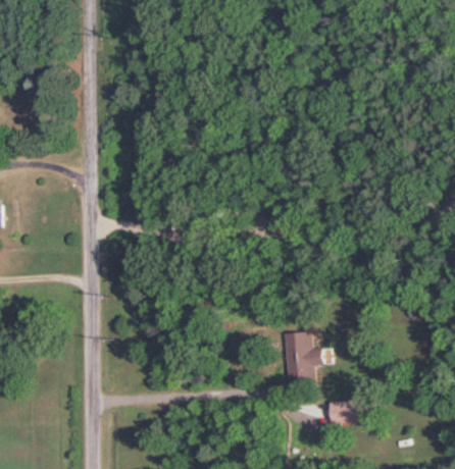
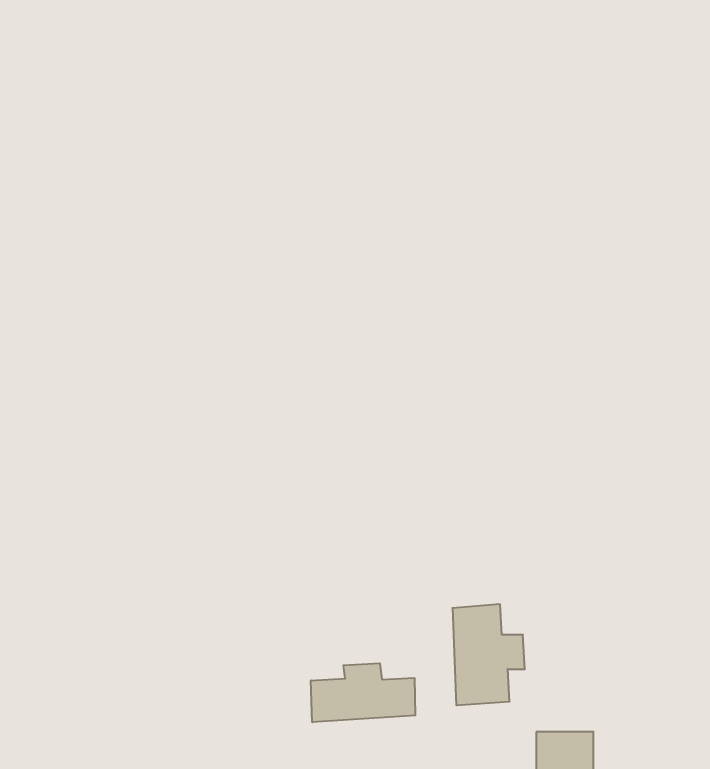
building: none -> [311,663,415,722]

